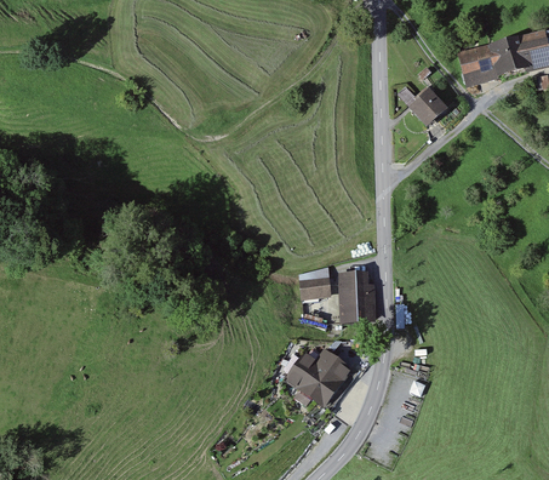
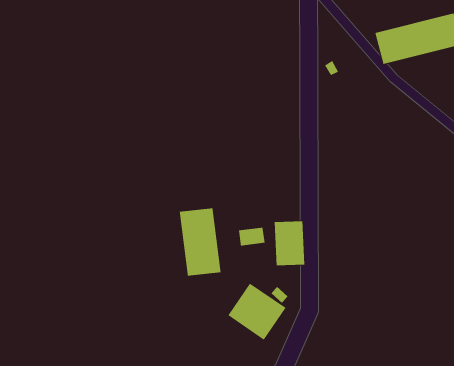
building: [411,86,450,126] -> none
building: none -> [179,207,221,276]

